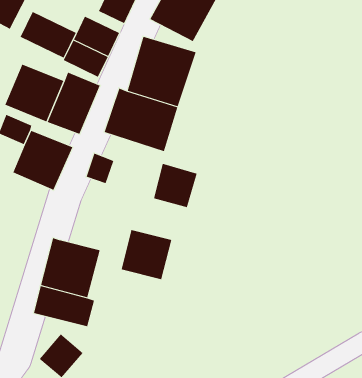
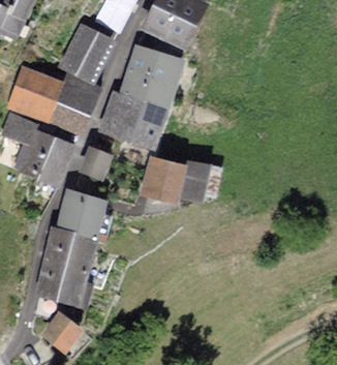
building: [20,11,76,58] -> none
building: none -> [185,163,218,200]
building: [121,229,172,280] -> [59,191,105,237]

